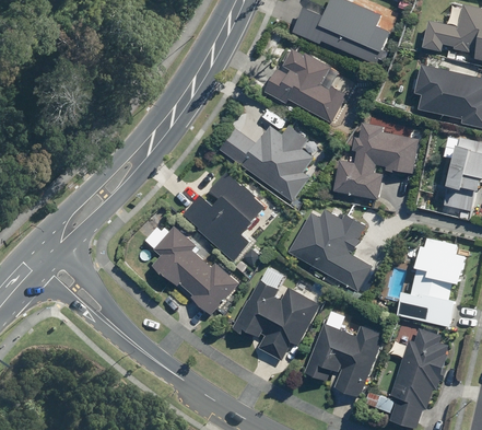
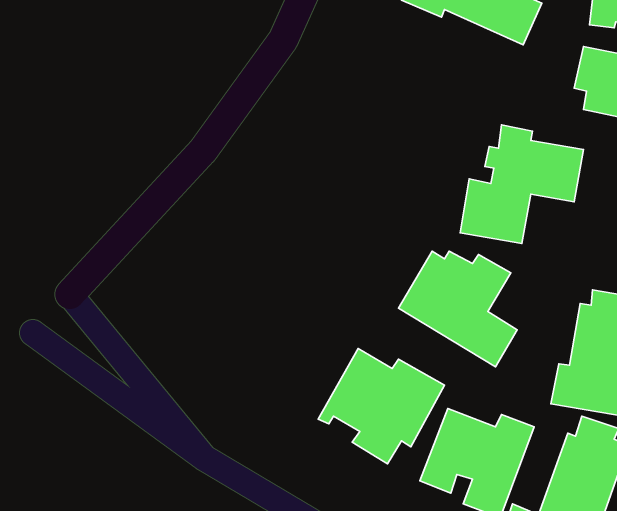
building: [262,44,351,120] -> none
building: [218,123,327,201] -> none
building: [181,171,266,260] -> none
building: [150,226,239,327] -> none

